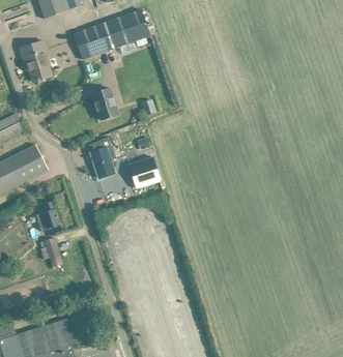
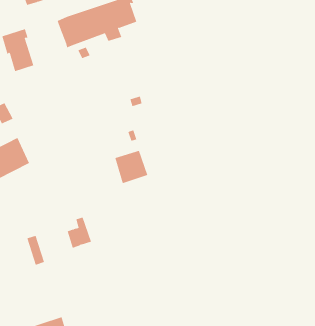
building: [90,88,117,120] -> none
building: [87,137,114,178] -> none
building: [34,201,58,231] -> [67,217,92,248]

